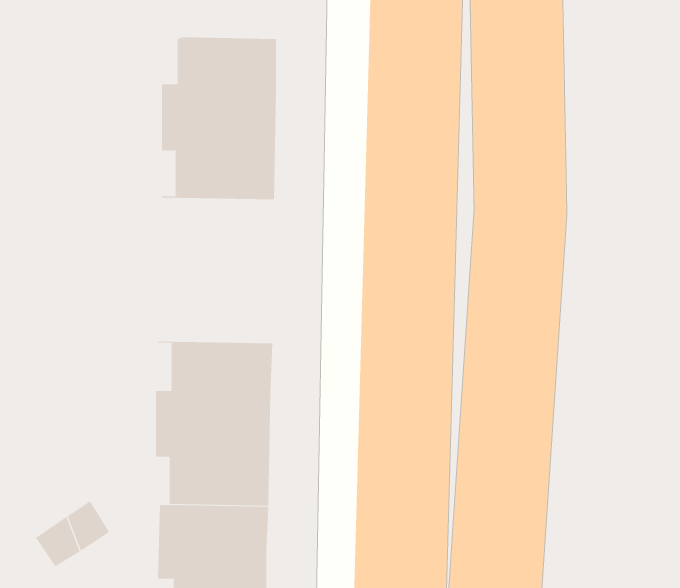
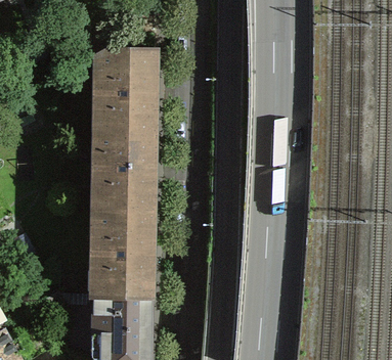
building: none -> [91,137,153,213]

